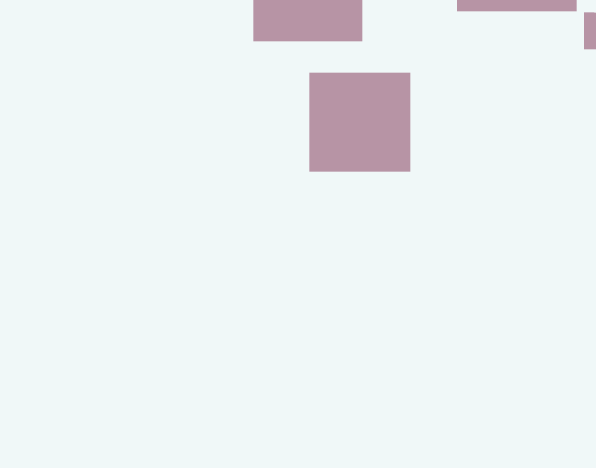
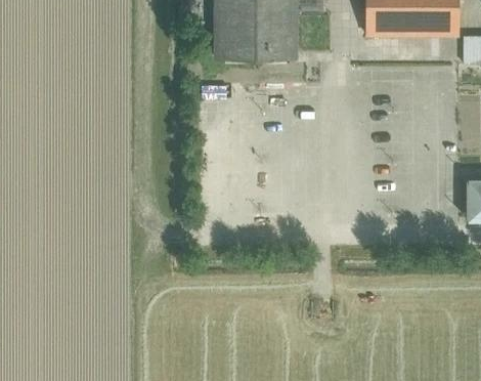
building: [309,72,411,173] -> none

